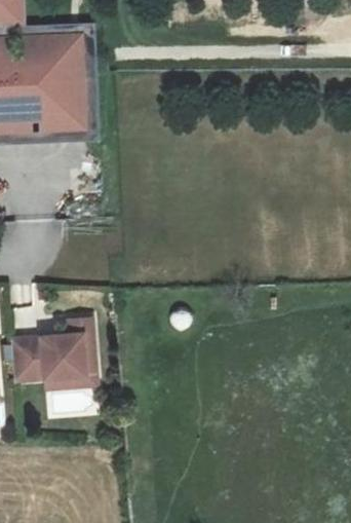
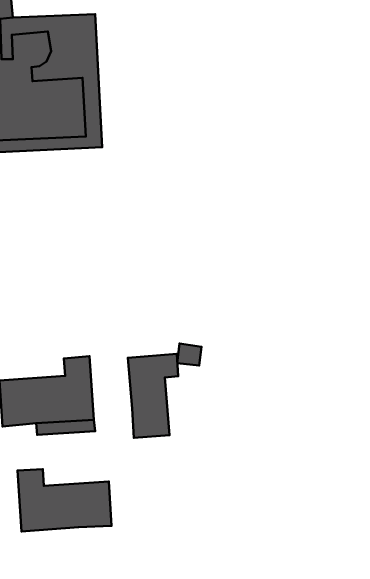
building: none -> [128,354,178,438]
building: none -> [18,469,112,531]

